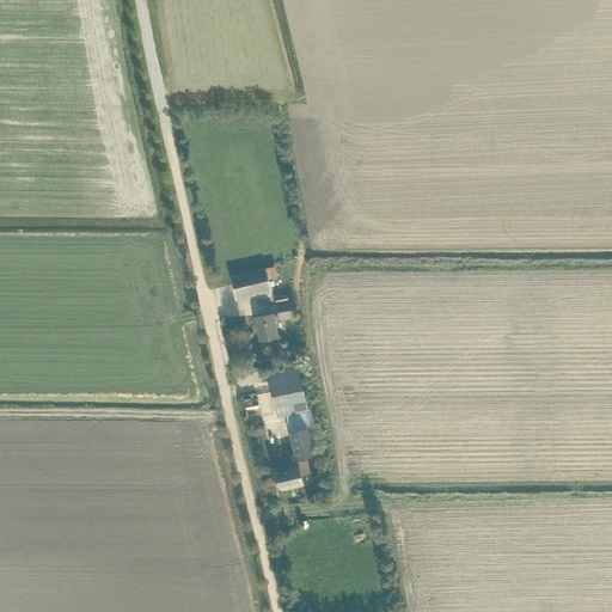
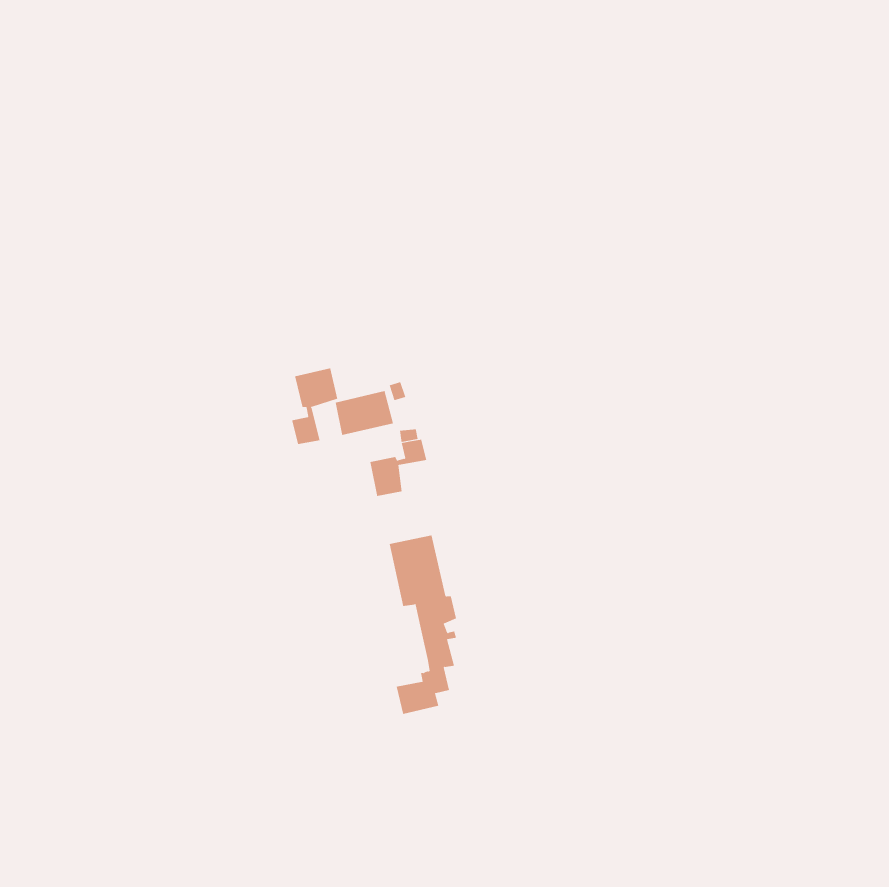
building: none -> [291,367,338,445]

